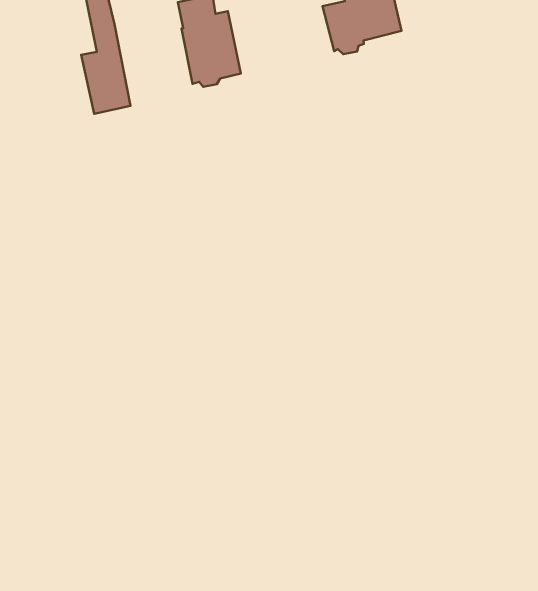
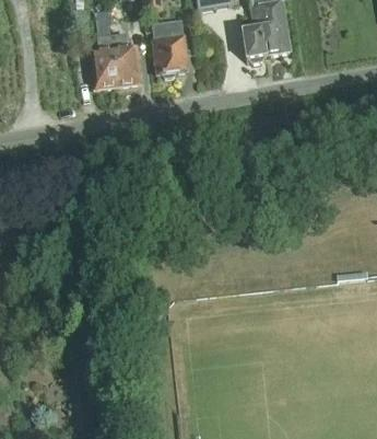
building: none -> [111,32,141,84]

